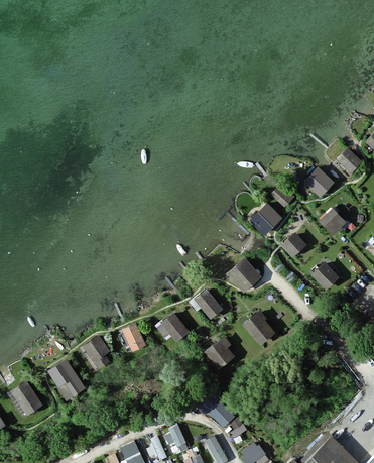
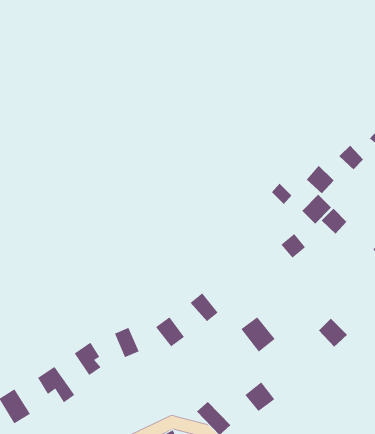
building: [250,206,279,235] -> [301,194,332,225]
building: [226,259,259,293] -> none
building: [310,263,339,292] -> [318,318,348,347]
building: [204,341,233,370] -> [244,381,275,412]

